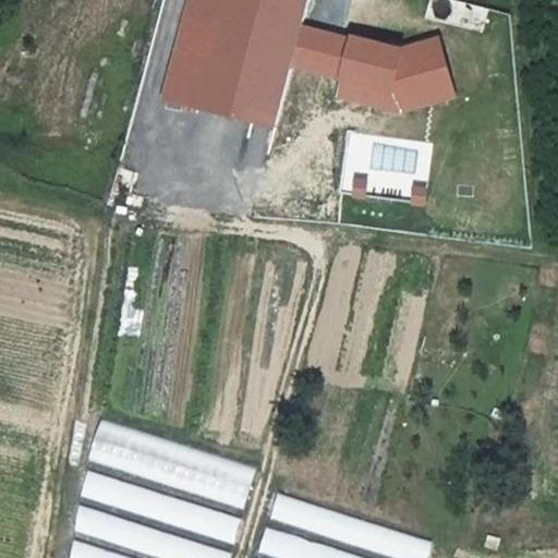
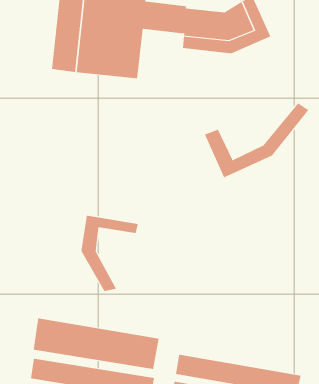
building: none -> [204,102,309,178]
building: none -> [81,215,139,292]

